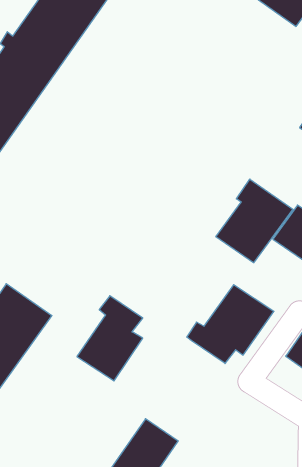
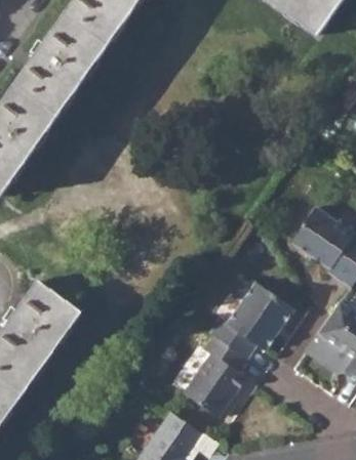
building: [216,179,293,263] -> none
building: [77,296,143,381] -> [183,336,246,418]

